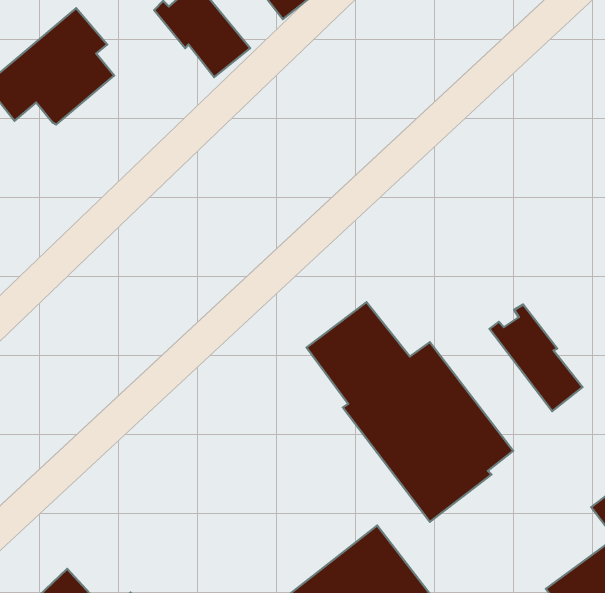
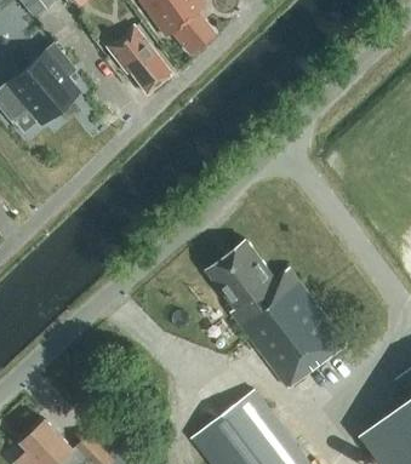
building: [489,304,583,411] -> none

